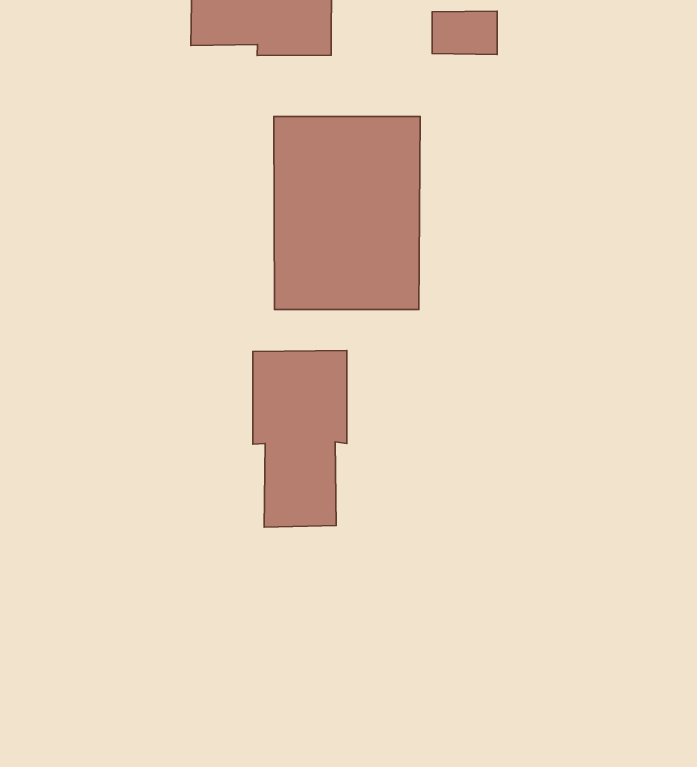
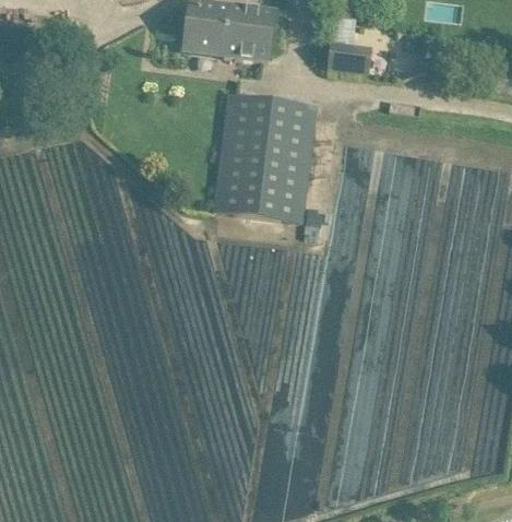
building: [253,351,347,527] -> none

